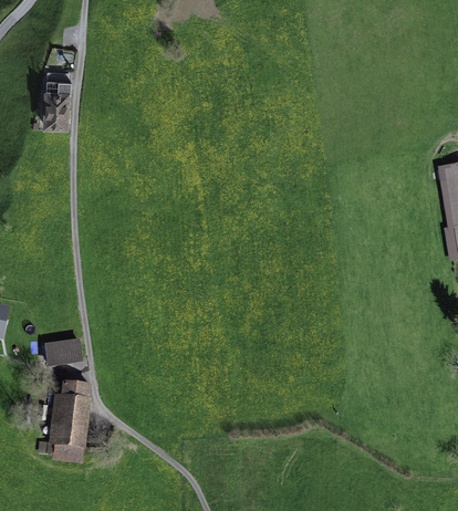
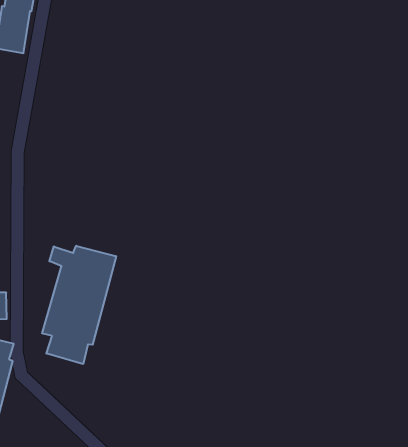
building: none -> [42,246,116,364]

